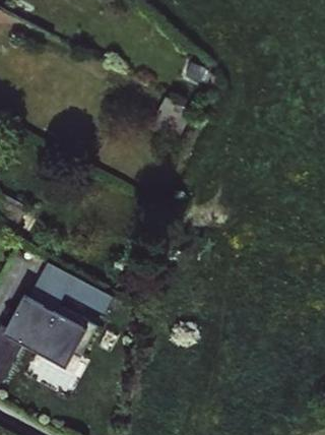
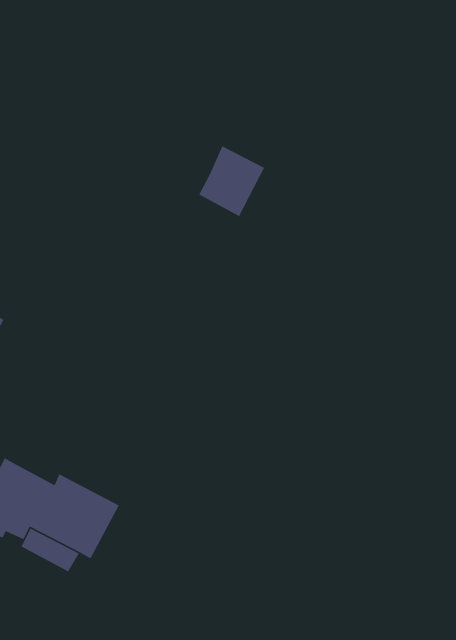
building: [28,257,116,313] -> none

